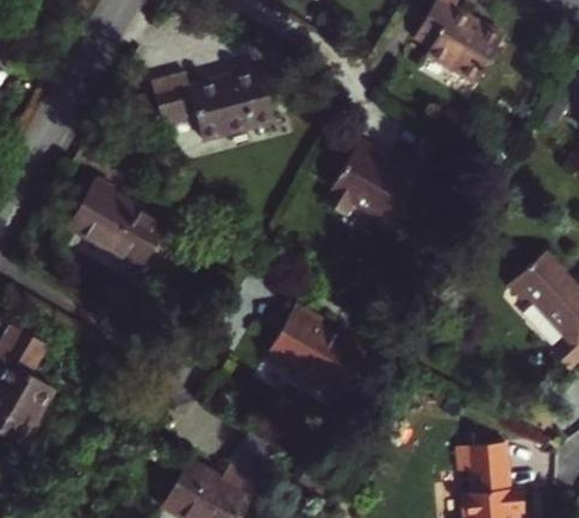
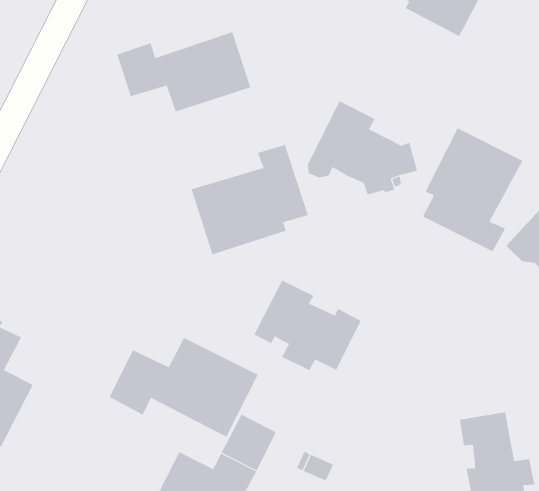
building: none -> [422,127,523,252]
building: none -> [191,144,309,255]
building: [68,179,164,268] -> none
building: none -> [109,337,258,438]

